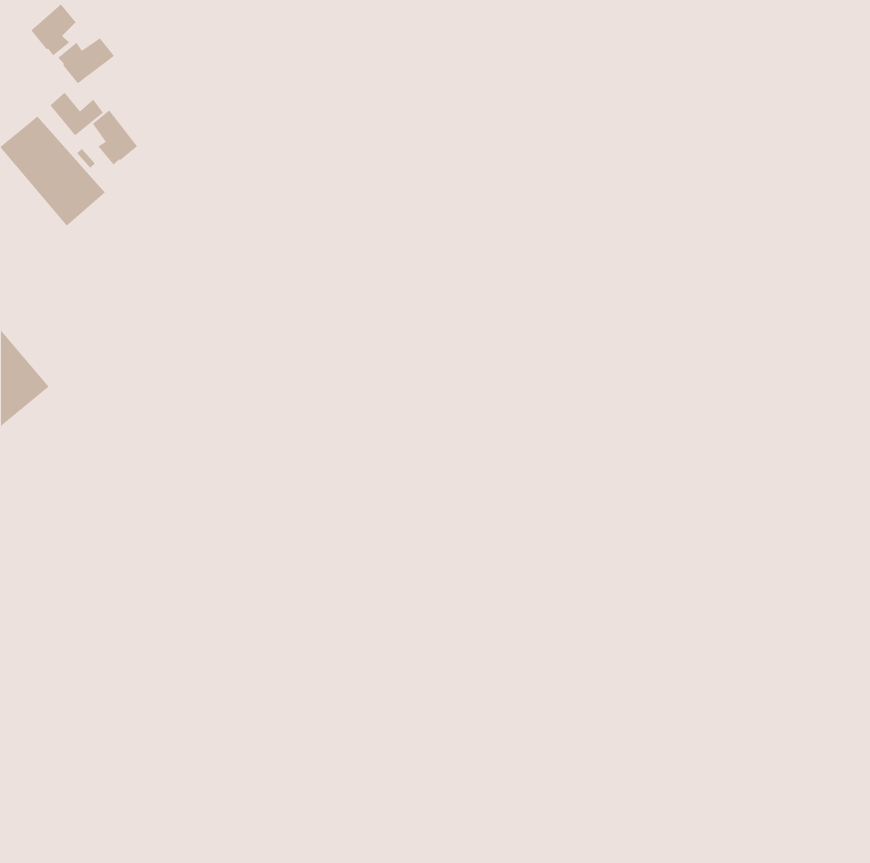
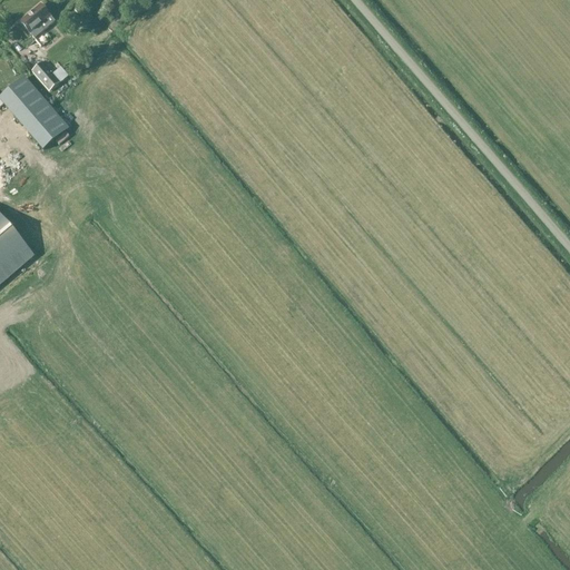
building: [58,38,115,84] -> none
building: [92,109,138,165] -> none

